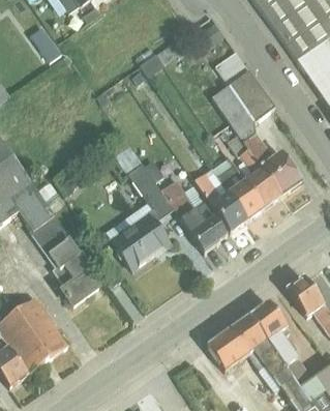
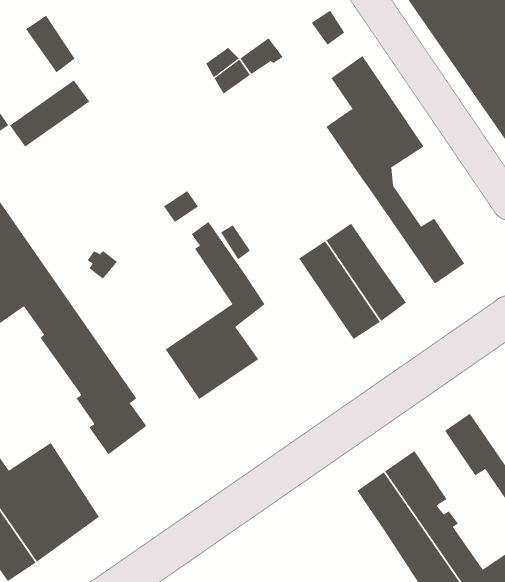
building: none -> [9,80,90,147]
building: [228,134,281,208] -> none
building: [161,179,228,253] -> none
building: [207,328,249,371] -> none

